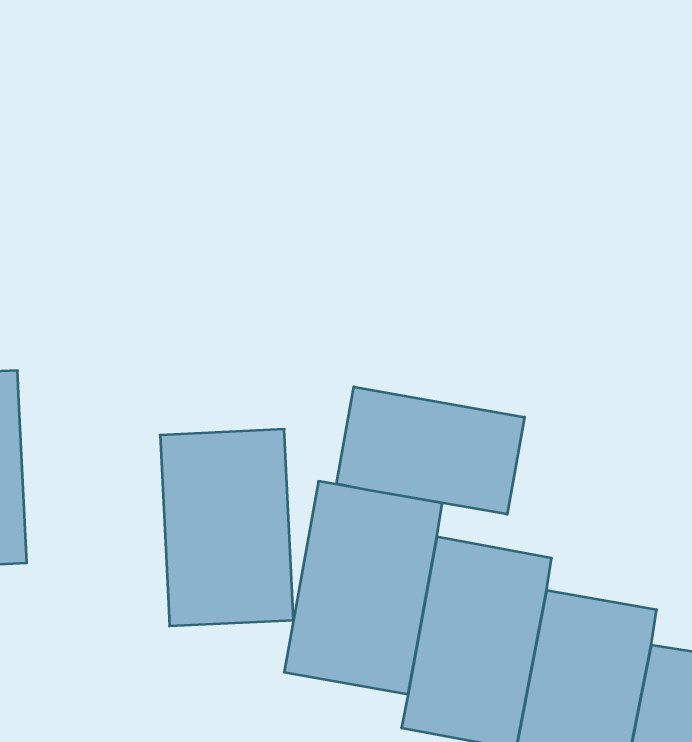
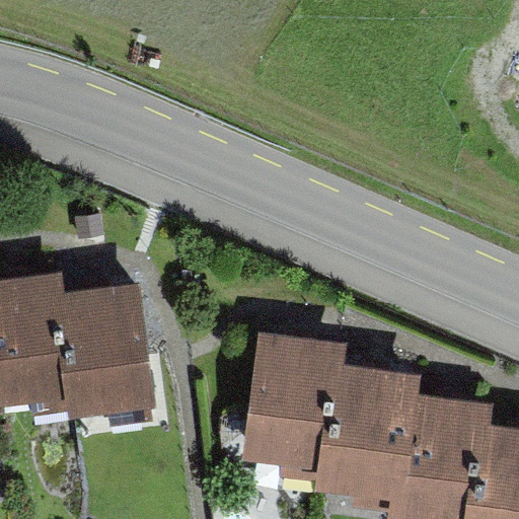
building: [336,387,525,514] -> none
building: [160,429,294,626] -> [60,285,155,419]

